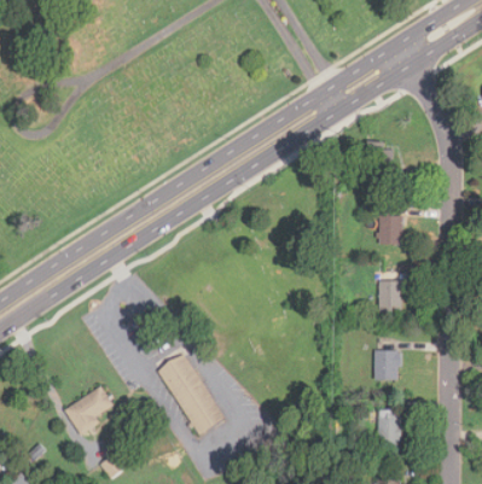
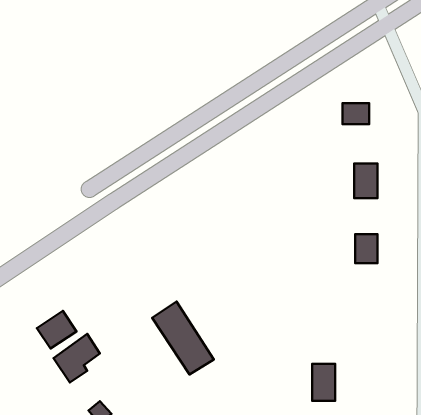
building: [373,350,397,379] -> none
building: none -> [37,311,76,349]
building: [377,409,401,448] -> [312,364,335,401]

